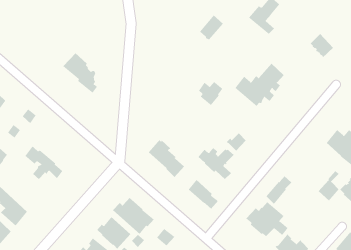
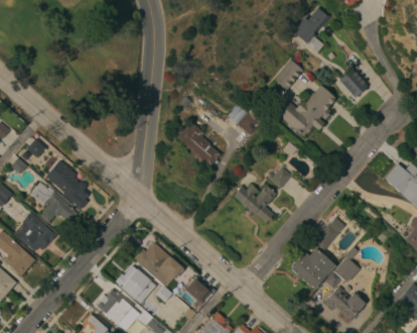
building: [199,14,224,40] -> [274,60,303,90]
building: [310,33,334,58] -> [339,68,368,97]
building: [63,52,98,94] -> [46,160,88,209]
building: [148,139,185,178] -> [176,122,220,168]
building: [318,170,339,201] -> [333,246,359,283]
building: none -> [14,212,56,251]
building: [188,179,219,210] -> none

